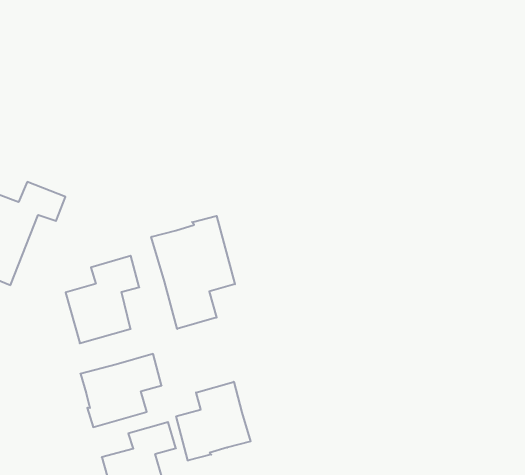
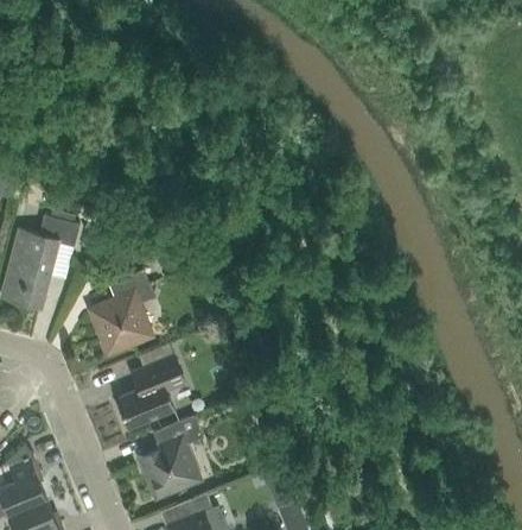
building: [151,216,235,329] -> none
building: [176,382,251,461] -> none

